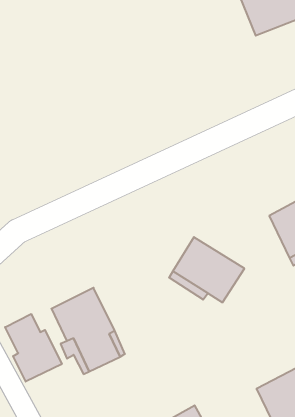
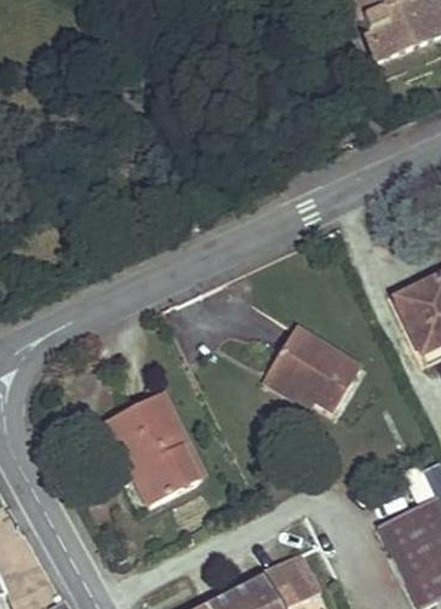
building: [5,314,62,382] -> none

